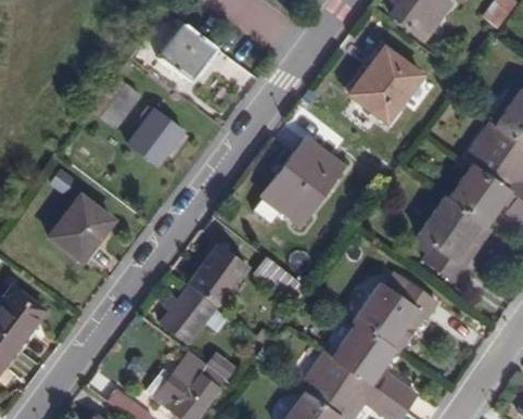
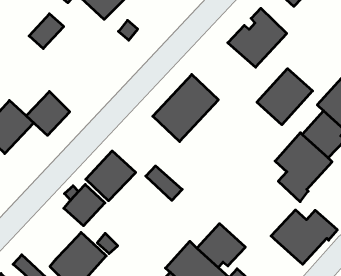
building: [129,109,183,164] -> [26,91,70,135]
building: none -> [257,69,313,125]
building: [356,280,438,350] -> [271,210,337,264]

